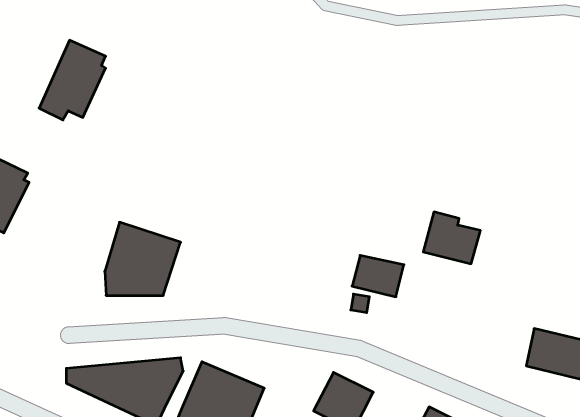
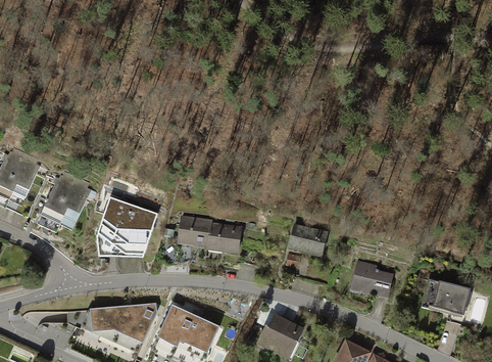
building: [39,40,106,120] -> [37,170,88,231]
building: [423,212,480,264] -> [350,259,394,299]
building: none -> [178,213,241,252]

